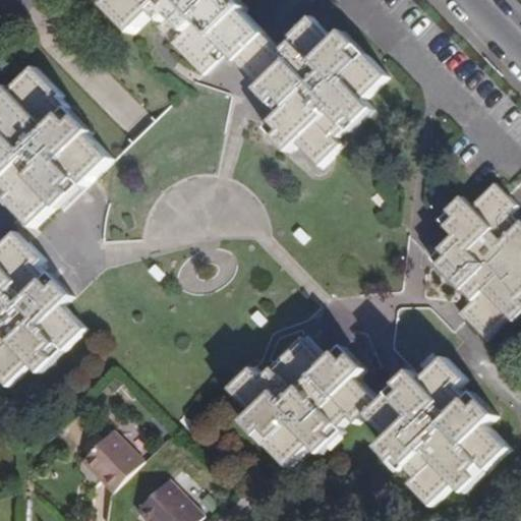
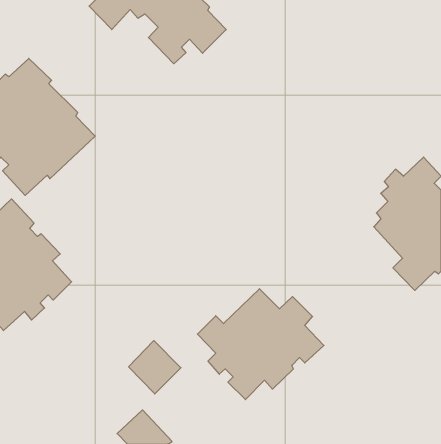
building: [236,18,386,165] -> none
building: [364,358,508,506] -> none
building: [80,426,141,488] -> [129,341,181,394]

